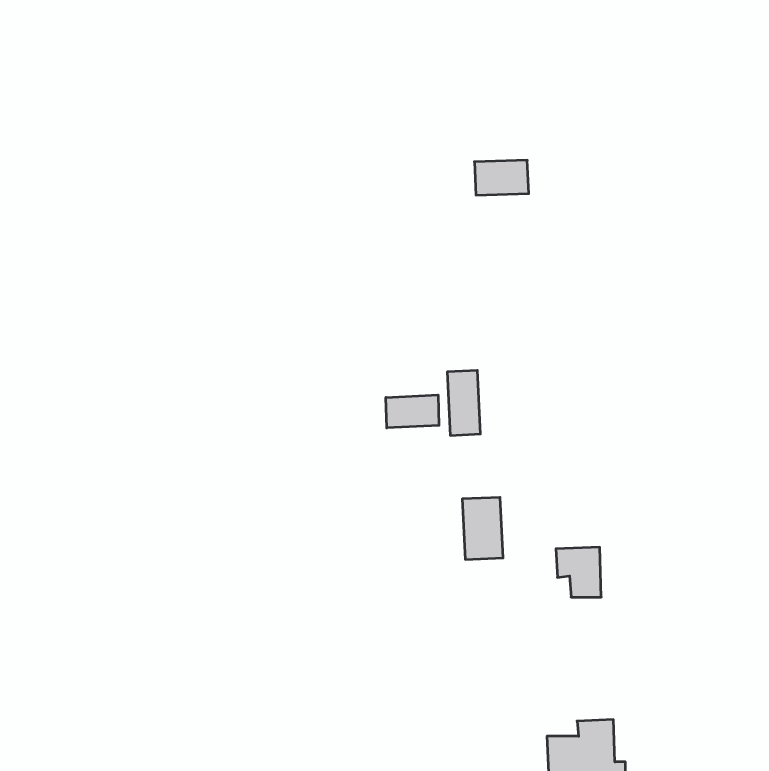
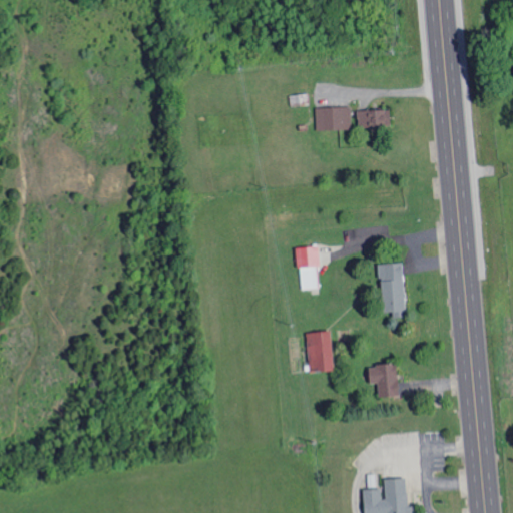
building: none -> [357,109,391,129]
building: none -> [380,263,406,314]
building: [386,395,439,428] -> none

